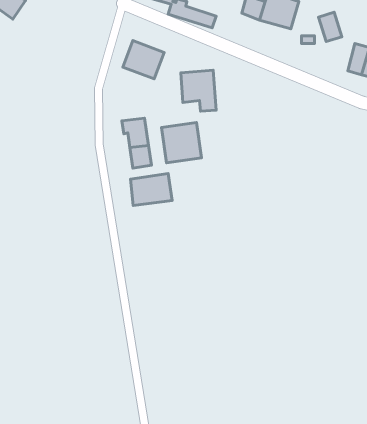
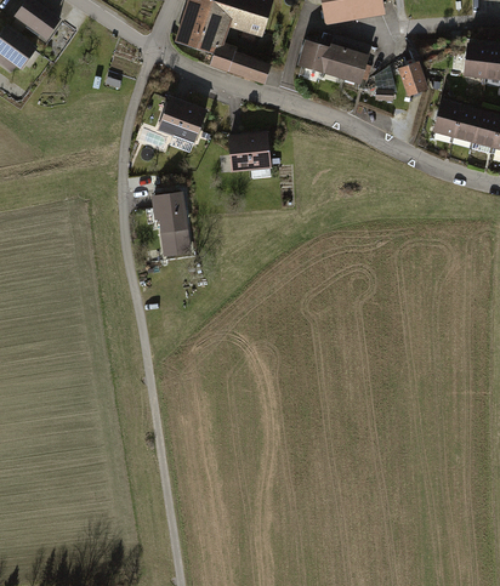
building: [161,123,202,163] -> none
building: [130,173,172,205] -> none

